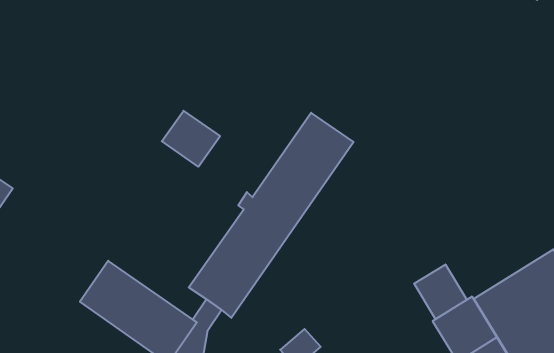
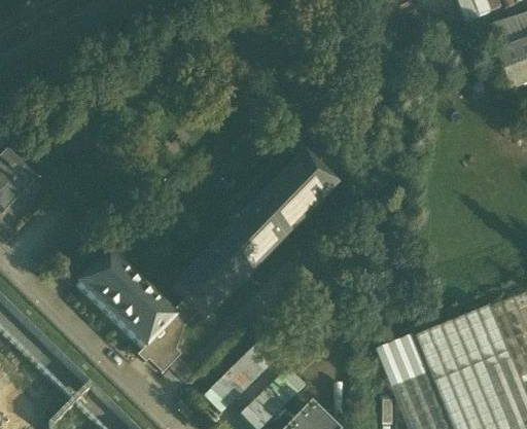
building: [162,111,220,167] -> none
building: [414,264,467,319] -> none

